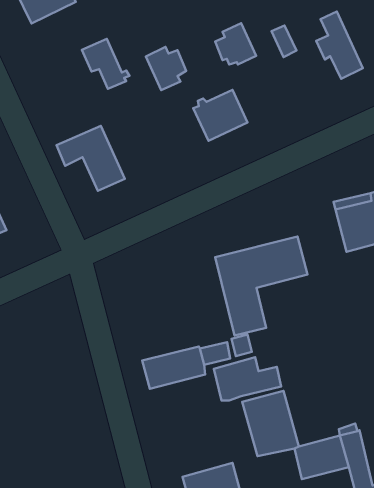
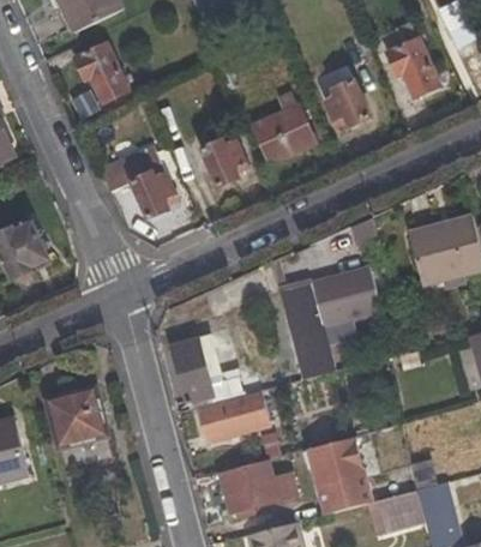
building: [215,23,256,64] -> [326,80,372,126]
building: [82,39,130,89] -> [77,47,130,102]
building: [146,47,186,90] -> [203,139,247,187]
building: none -> [169,337,222,402]
building: none -> [47,386,107,446]
building: [214,357,281,401] -> [222,462,296,510]

